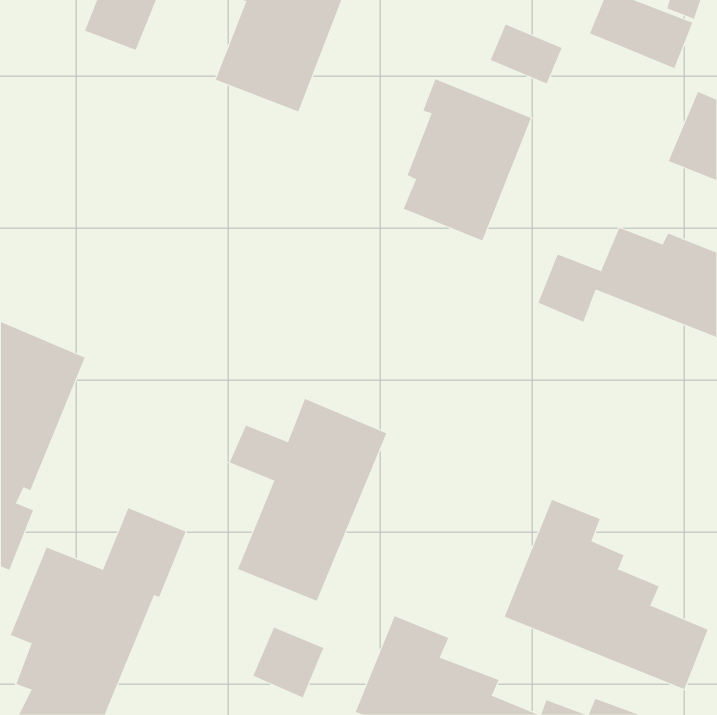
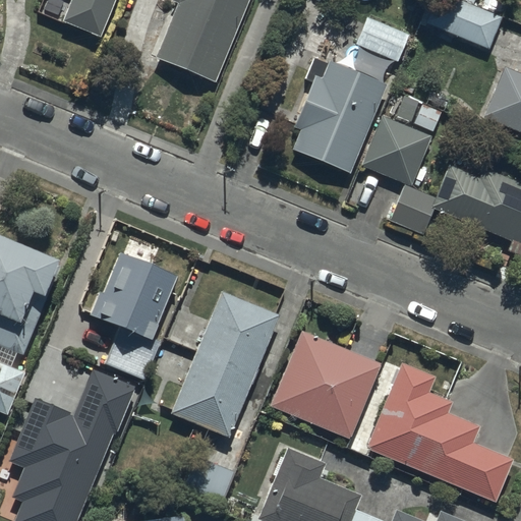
building: none -> [361,115,432,185]
building: none -> [89,251,177,380]
building: none -> [271,330,381,439]

